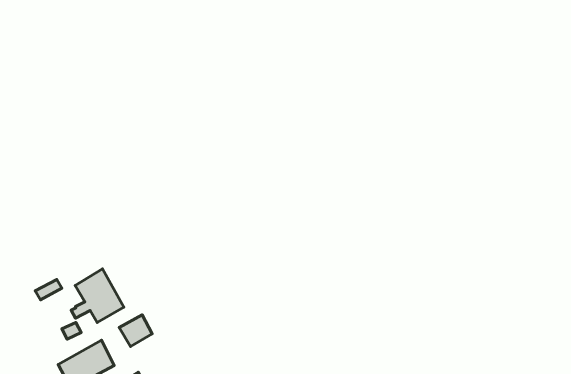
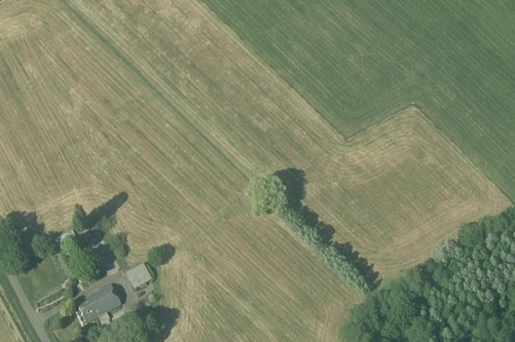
building: [71,269,124,323] -> none

